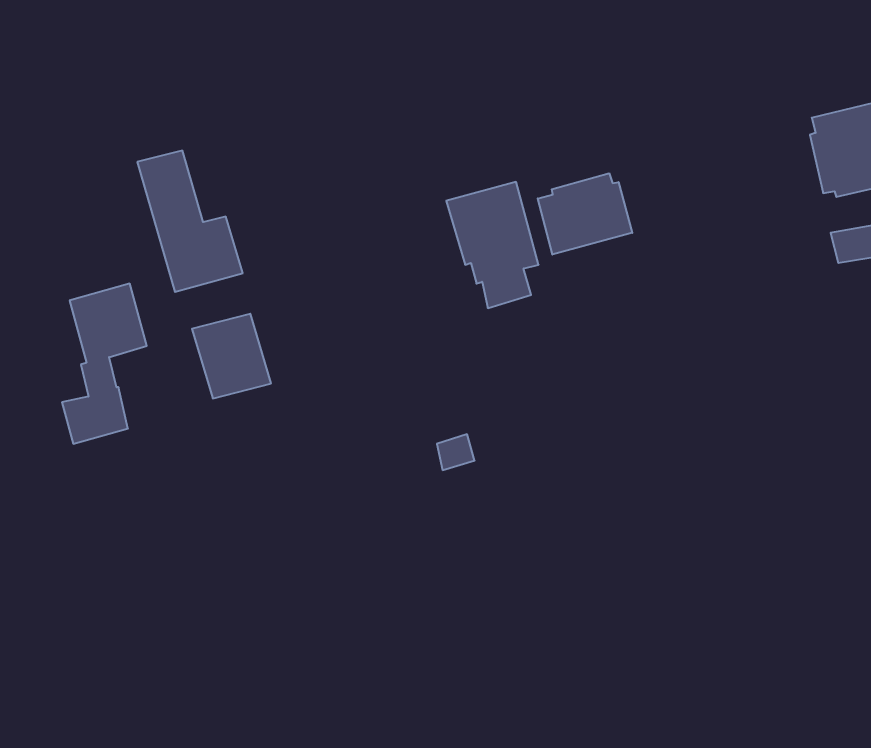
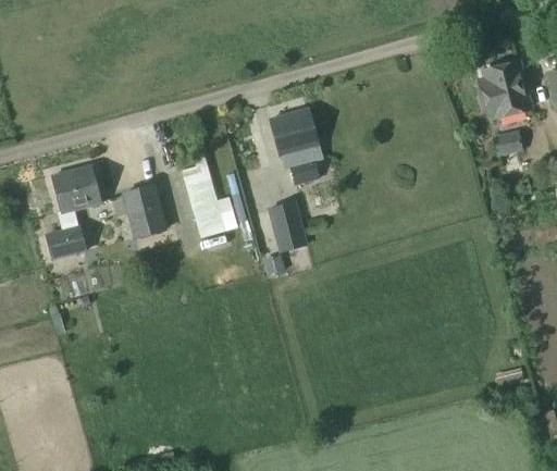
building: [137,151,243,292] -> [177,156,238,237]
building: [538,173,632,255] -> none
building: none -> [269,201,306,252]

